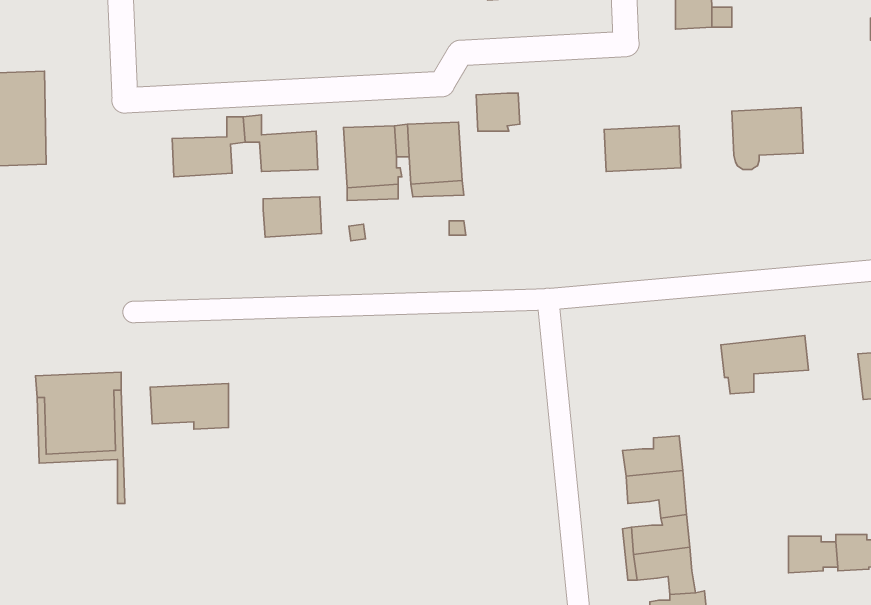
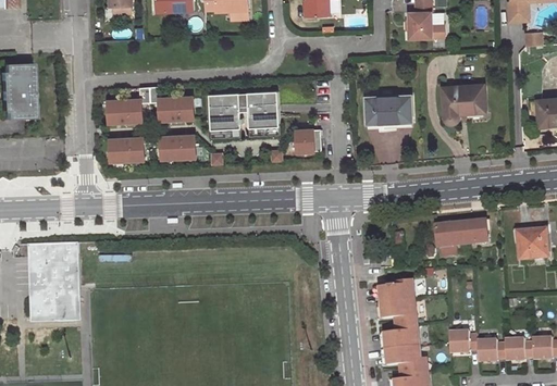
building: [476,93,520,131] -> [297,130,323,153]
building: none -> [110,139,146,164]
building: [150,384,229,429] -> [28,294,75,321]
building: none -> [448,332,475,353]

